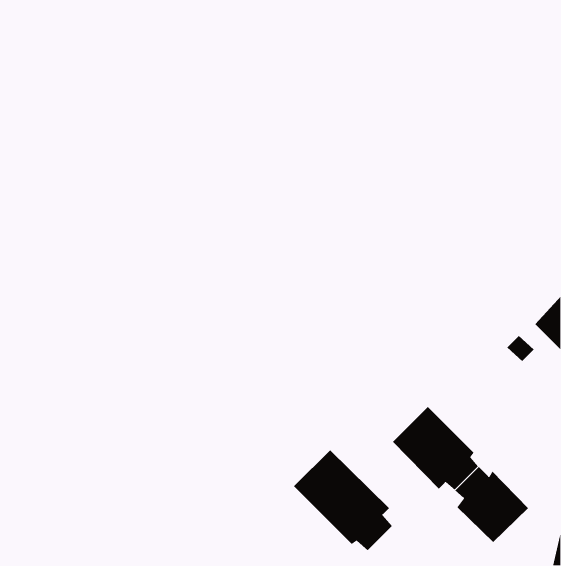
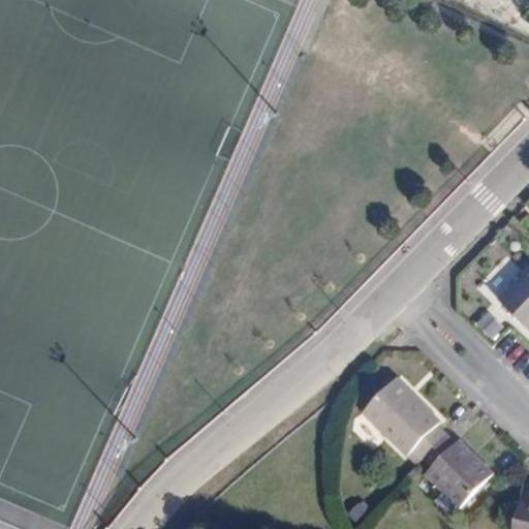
building: [293,449,393,551] -> none

